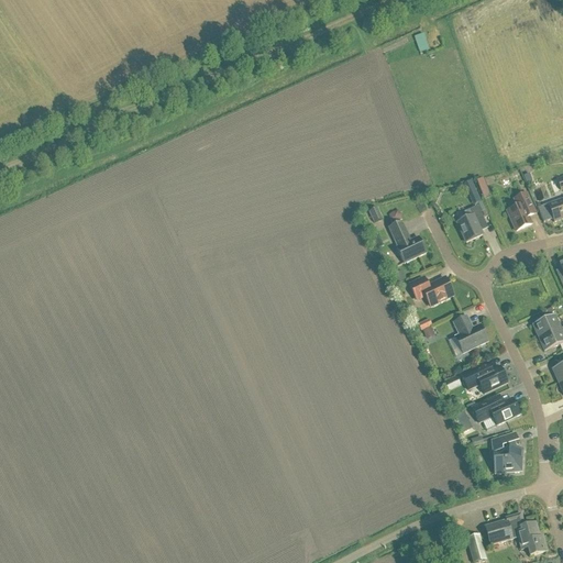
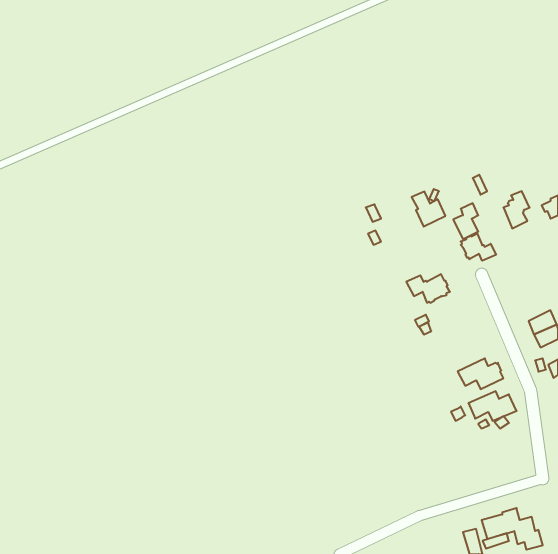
building: [391,228,426,263] -> [412,192,445,227]
building: none -> [461,234,496,261]
building: [454,316,487,352] -> none
building: [492,431,522,472] -> none

